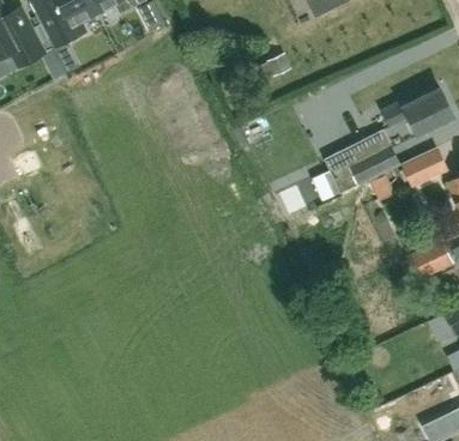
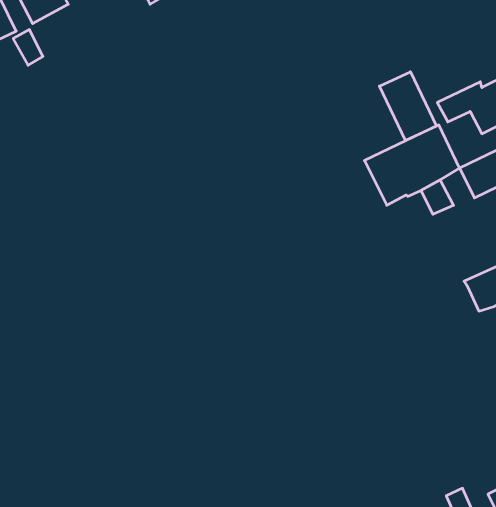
building: none -> [379,72,436,140]

